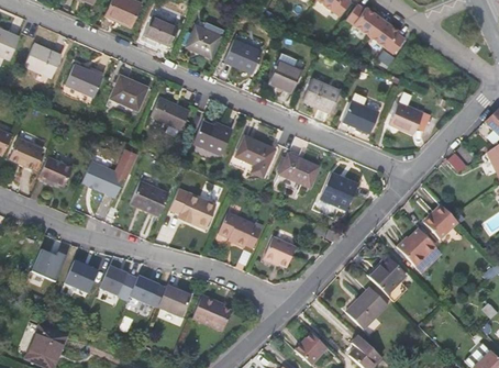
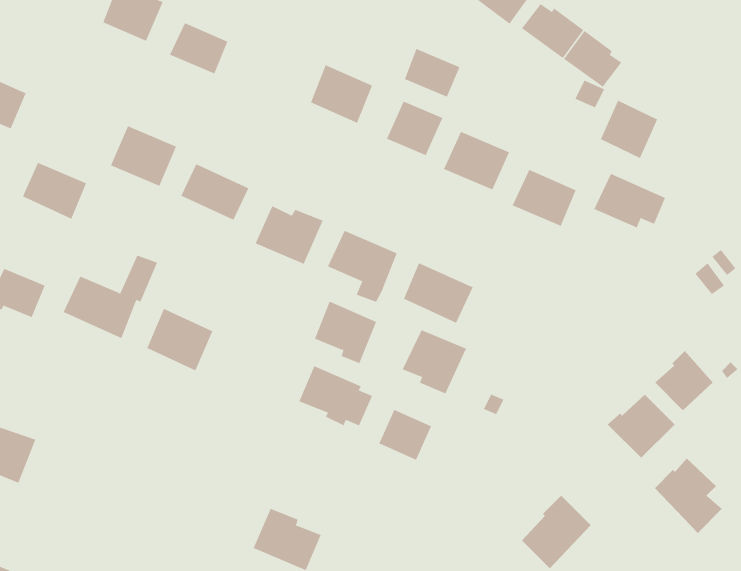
building: [186,23,220,56] -> none
building: none -> [404,48,460,97]
building: none -> [600,100,658,159]
building: [65,63,102,96] -> [22,162,87,219]
building: [320,172,357,210] -> [402,329,467,394]
building: [179,191,215,227] -> [314,301,377,364]
building: [63,258,99,293] -> none
building: [368,258,408,302] -> [654,458,723,534]
building: [99,264,159,304] -> none
building: [157,285,190,317] -> none

